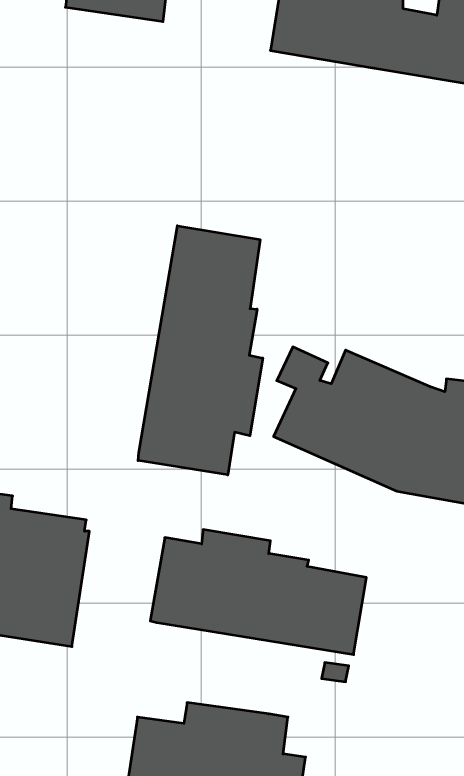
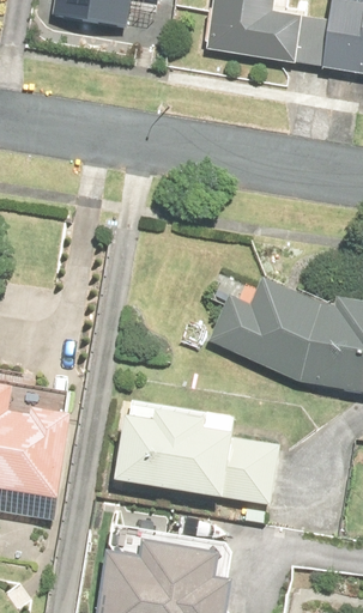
building: [138,226,263,475] -> none

